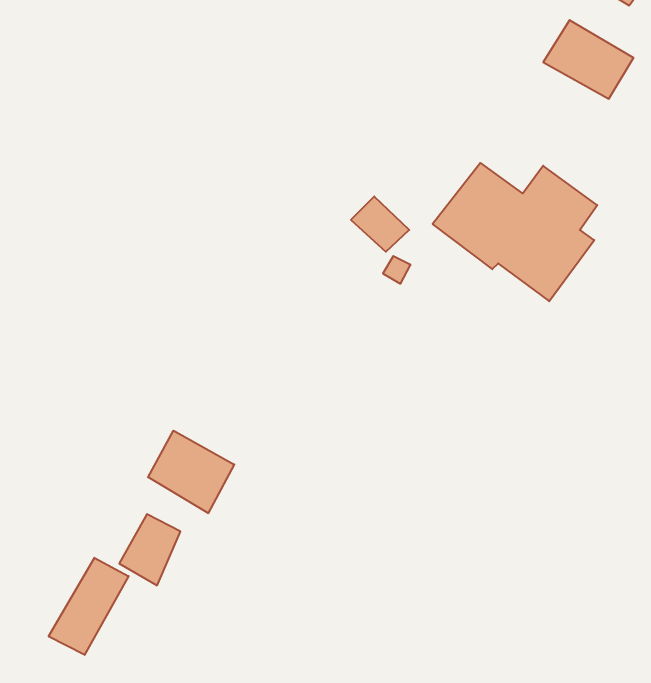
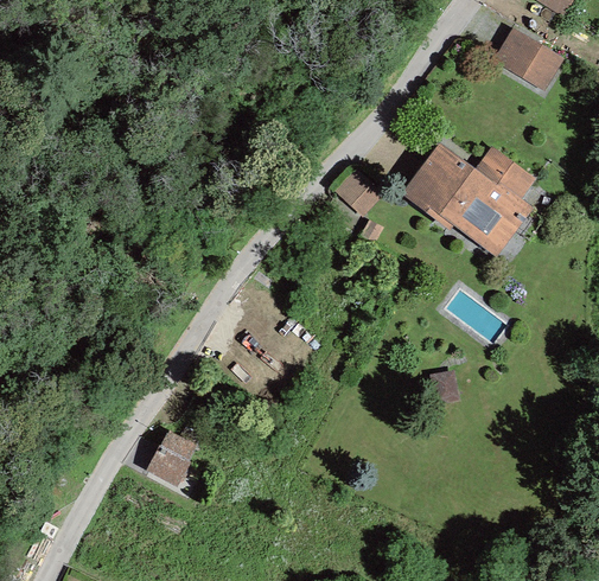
building: [148,431,234,513] -> none
building: [49,558,129,655] -> none

